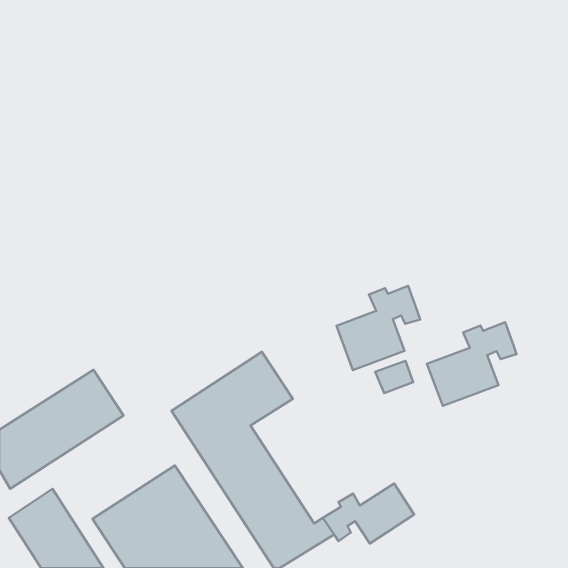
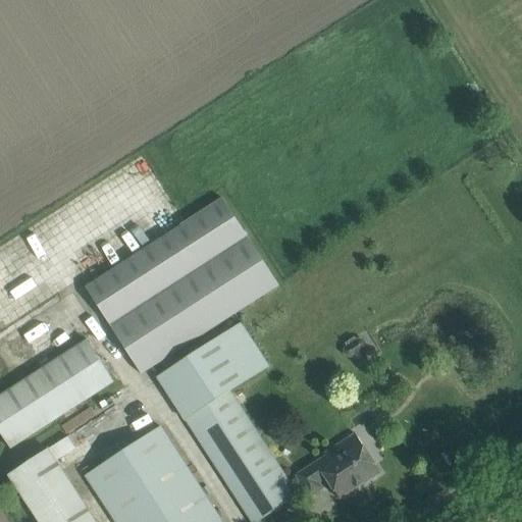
building: none -> [85,197,278,373]
building: [336,286,420,370] -> none
building: [427,322,517,406] -> none

